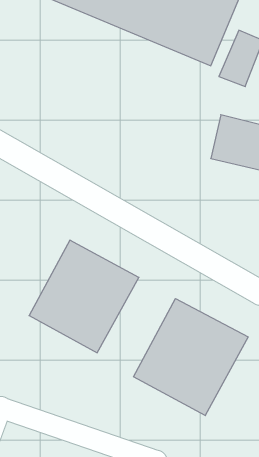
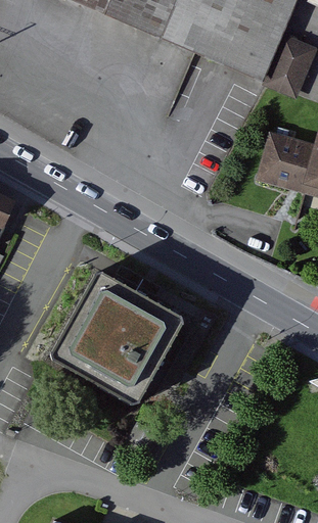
building: [134,299,248,416] -> none

